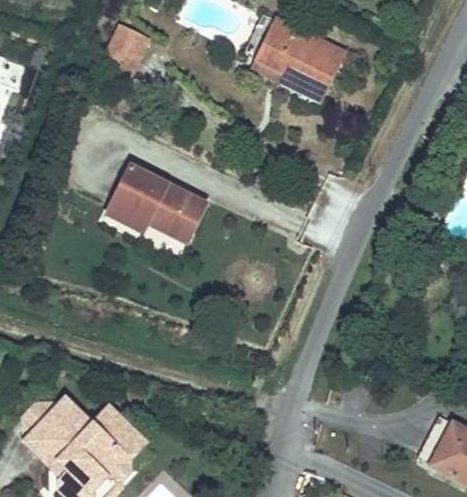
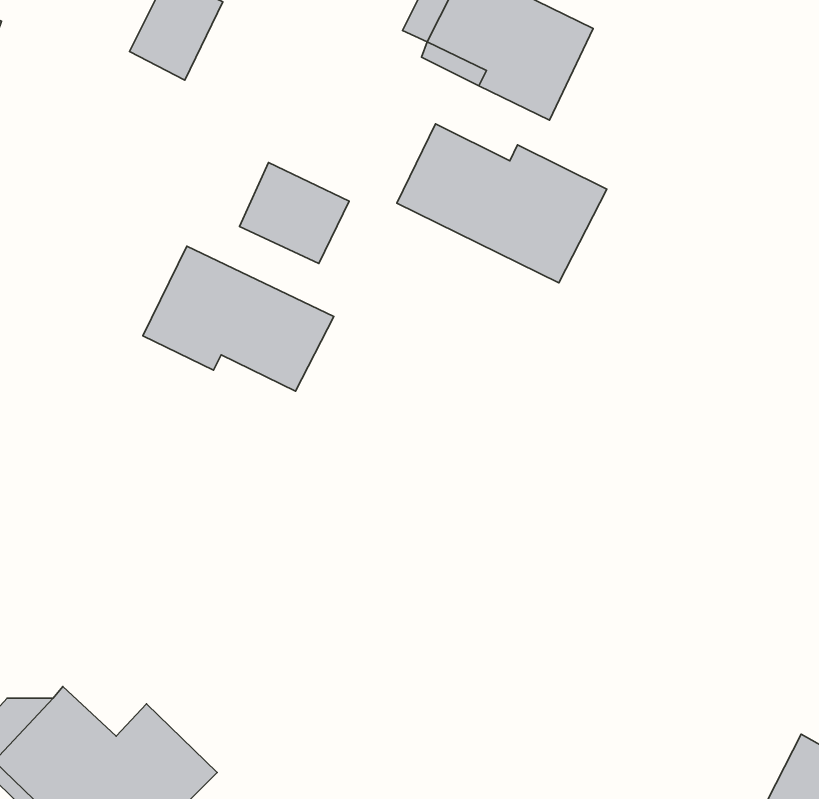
building: none -> [397,124,607,283]
building: none -> [239,163,349,264]

